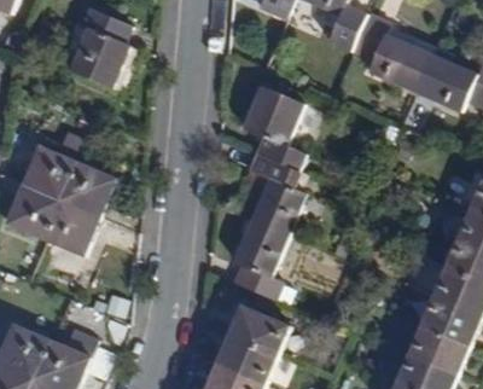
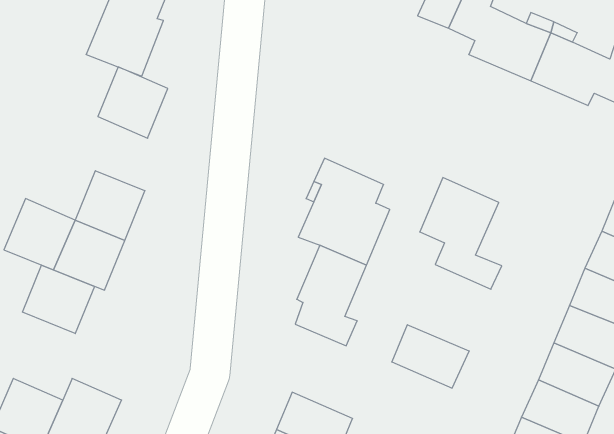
building: [243,83,307,170] -> [420,178,502,289]
building: [22,144,76,199] -> [98,67,168,138]
building: none -> [23,265,94,334]
building: [229,304,290,354] -> [392,325,469,388]

